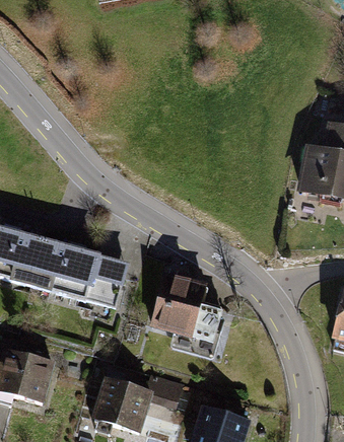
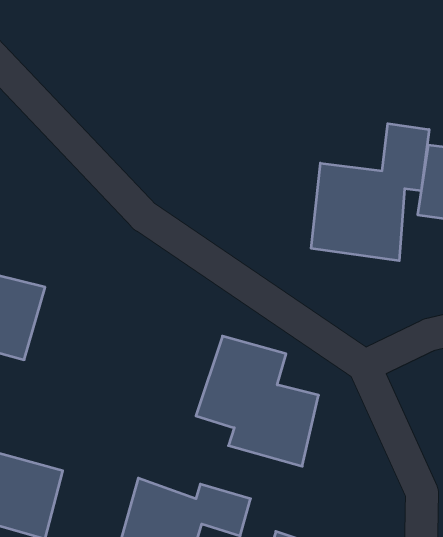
building: none -> [311,124,429,261]
building: [29,237,131,310] -> none

